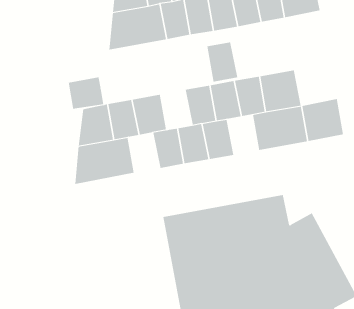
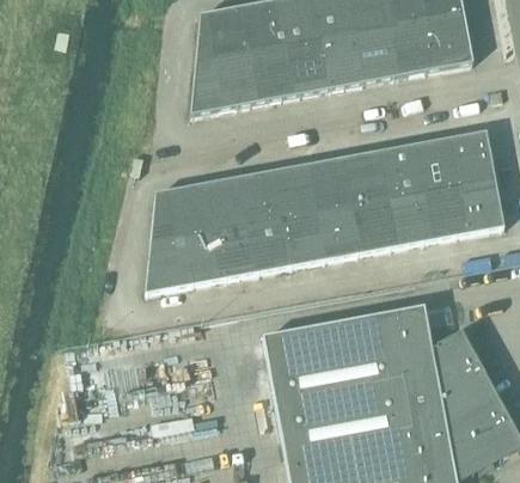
building: [207,42,238,82] -> [261,165,302,219]
building: none -> [439,129,496,187]
building: [68,76,104,110] -> none
building: none -> [349,198,391,252]
building: none -> [218,222,259,276]

